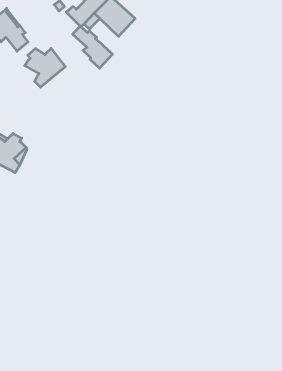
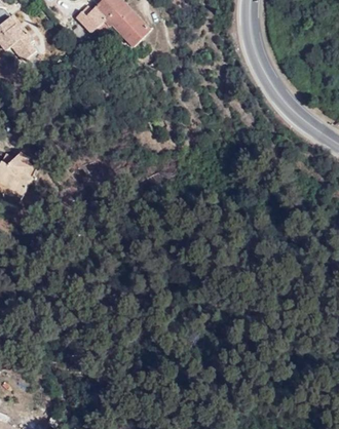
building: [73,26,112,68] -> none
building: [25,48,65,87] -> none

